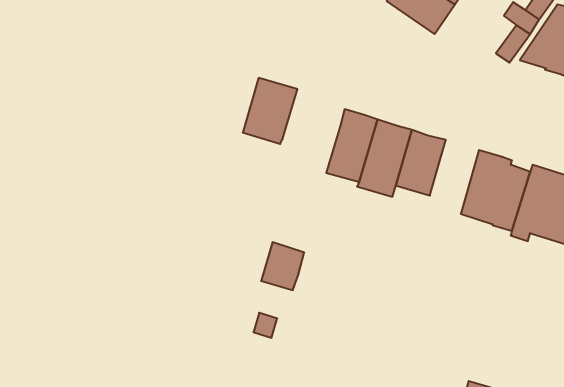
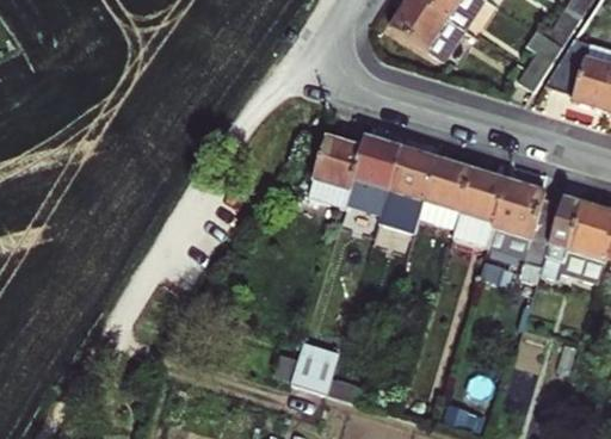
building: [243,78,297,144] -> [304,137,362,206]
building: none -> [452,167,506,245]
building: [261,242,304,290] -> [292,339,338,389]

